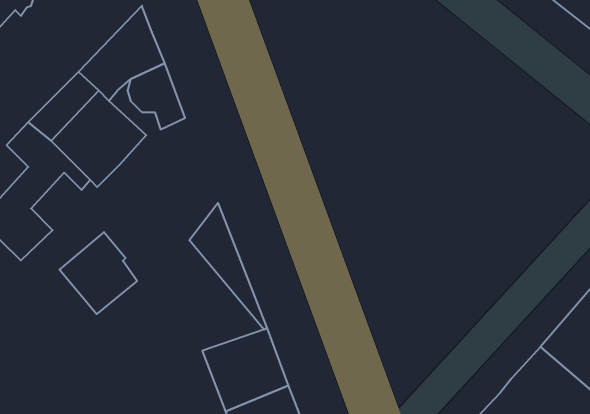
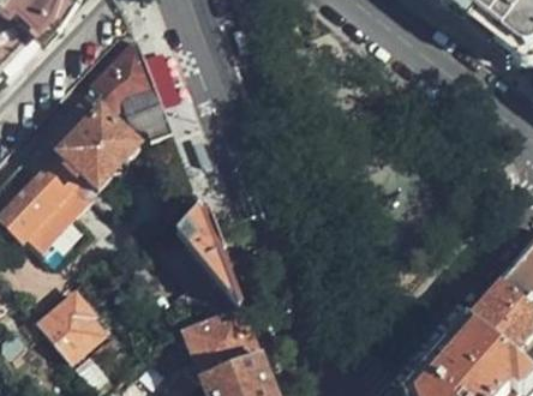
building: [59,232,137,314] -> [40,292,104,360]

